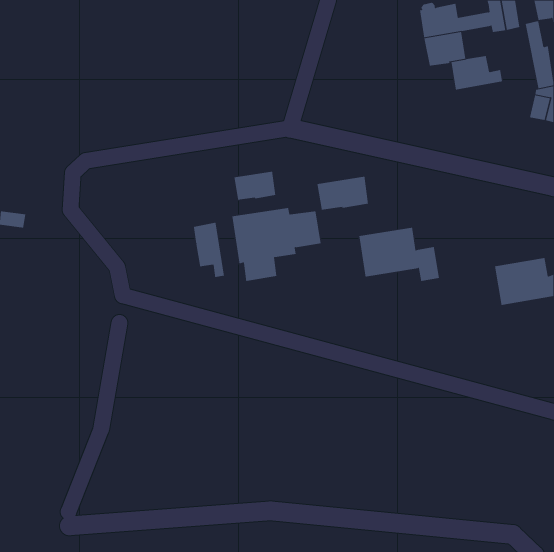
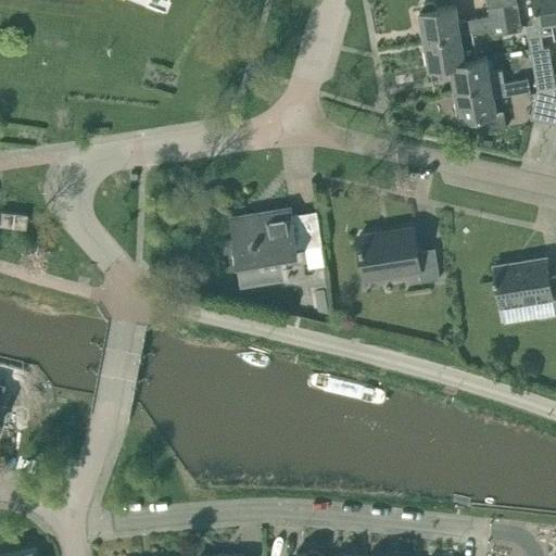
building: none -> [455,80,530,132]
building: [234,171,276,201] -> none
building: [317,176,368,210] -> none
building: [193,222,224,278] -> none

